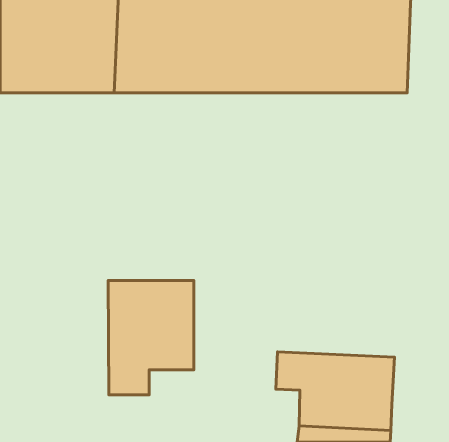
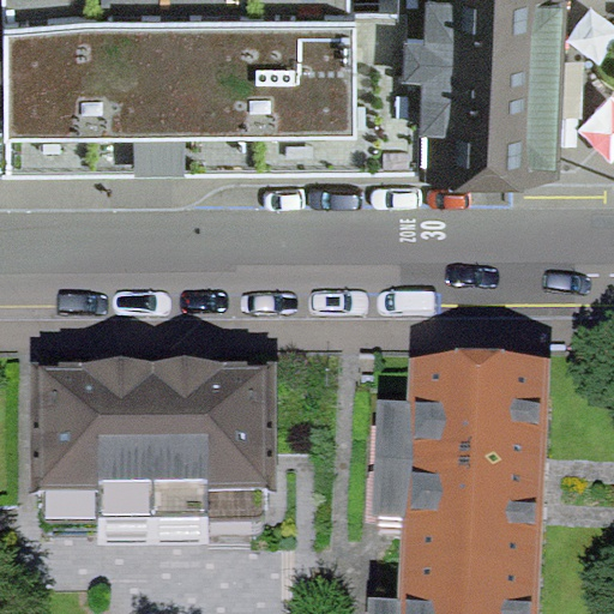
building: none -> [383,375,544,480]
building: none -> [41,377,156,530]

